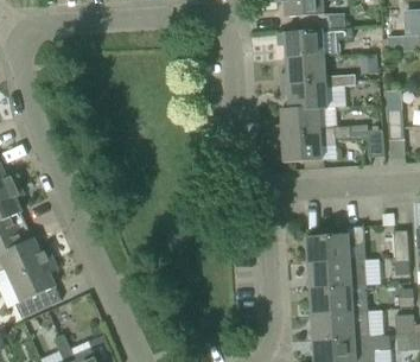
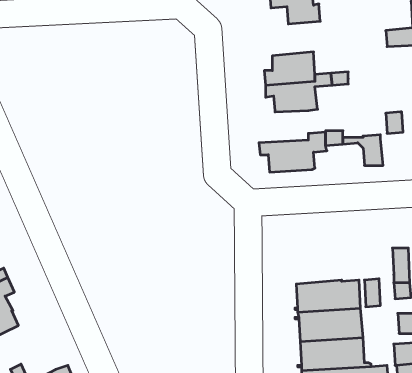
building: [276,27,352,59] -> none
building: [274,108,319,136] -> none
building: [304,226,364,262] -> none

